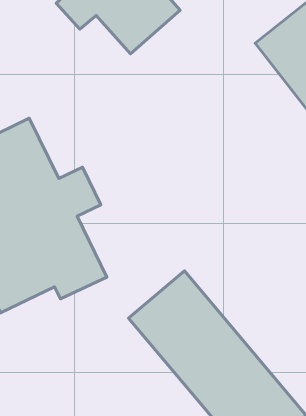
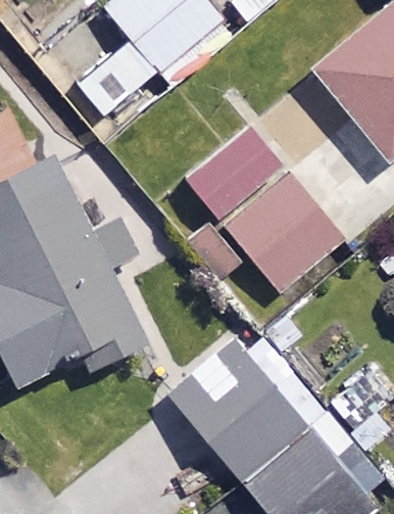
building: none -> [189,129,342,291]

